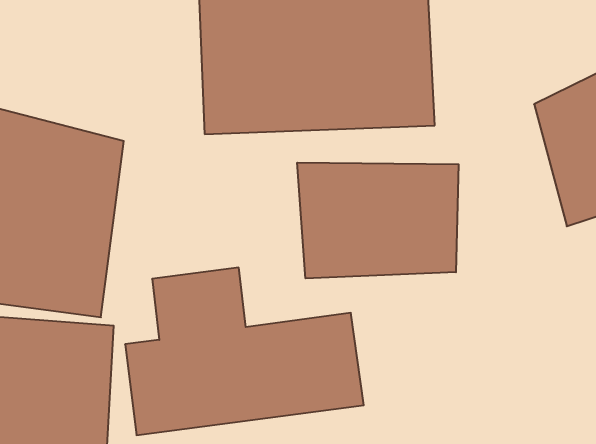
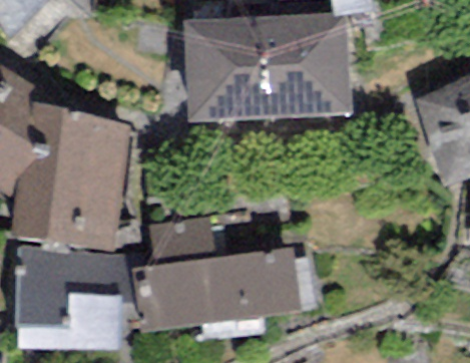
building: [297,163,459,278] -> none

